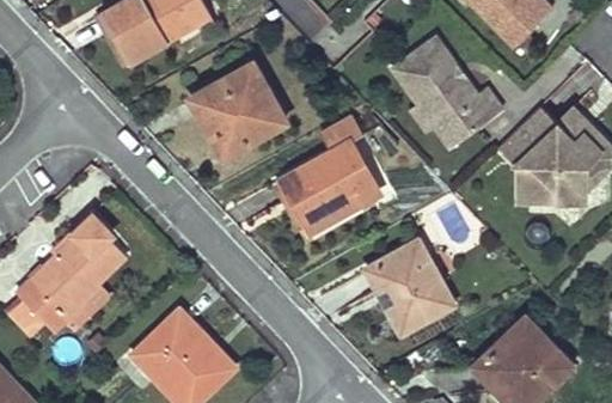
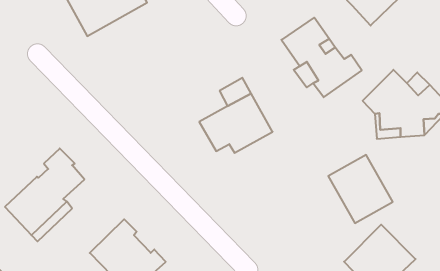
building: [196,62,286,153] -> none
building: [365,239,452,331] -> [328,155,393,223]

